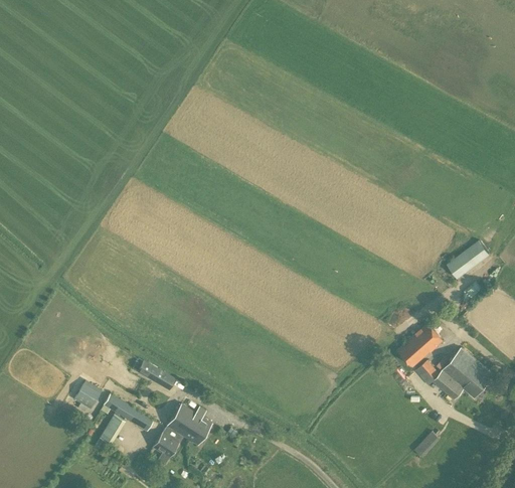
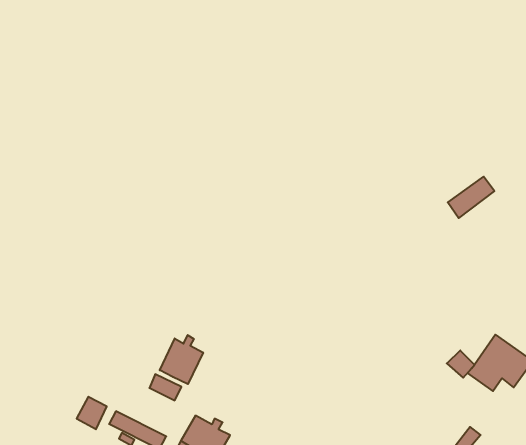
building: [447,240,490,277] -> [448,177,494,218]
building: [397,323,443,367] -> none
building: none -> [160,335,203,384]

